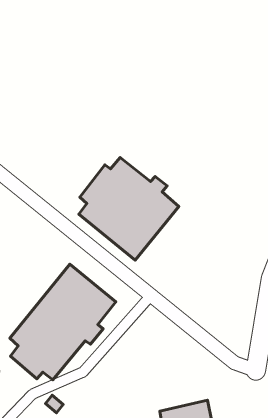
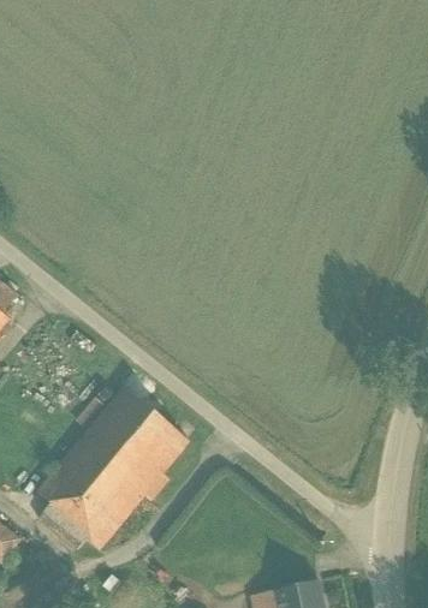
building: [79,157,179,260] -> none

